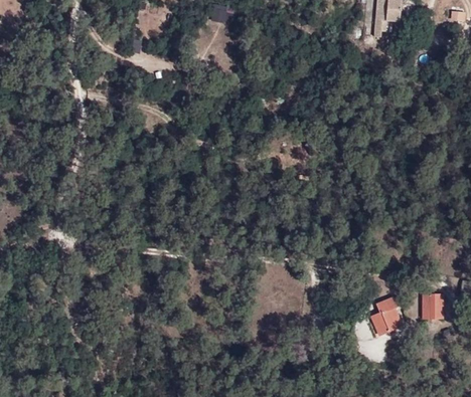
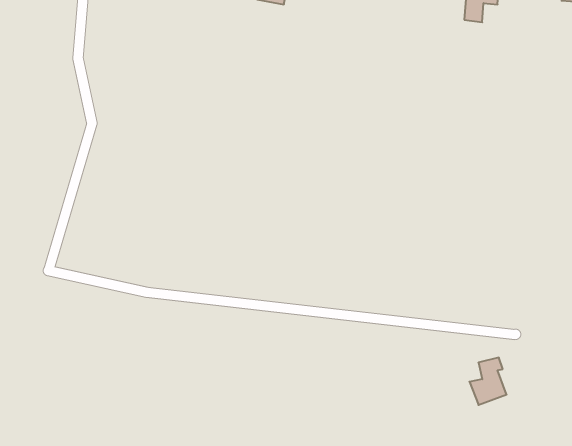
building: [423,294,444,320] -> none

